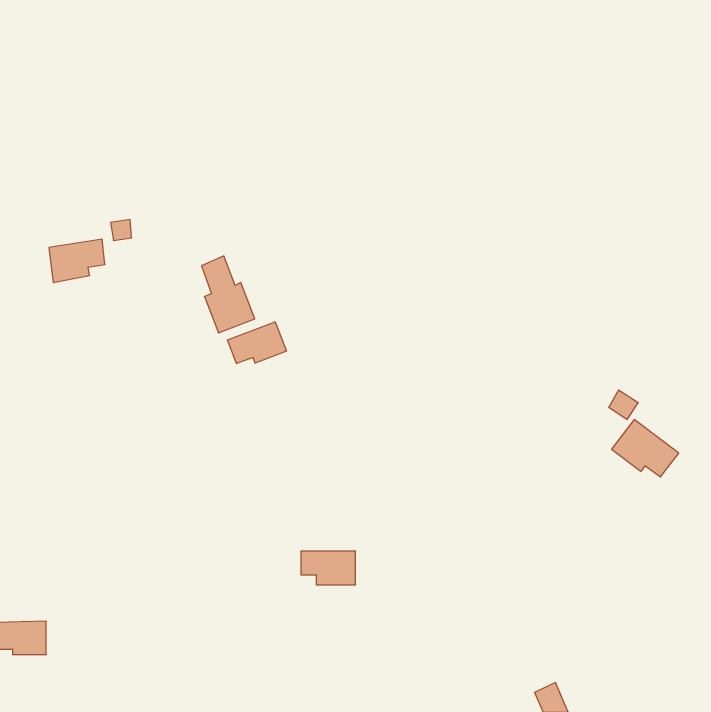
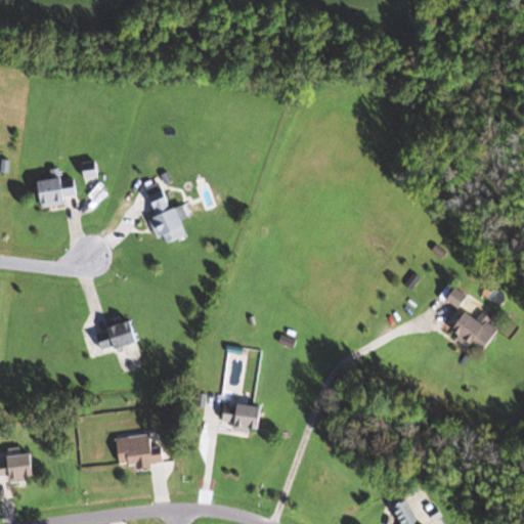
building: [228,322,287,364] -> none
building: none -> [93,317,138,354]
building: none -> [114,433,163,467]

